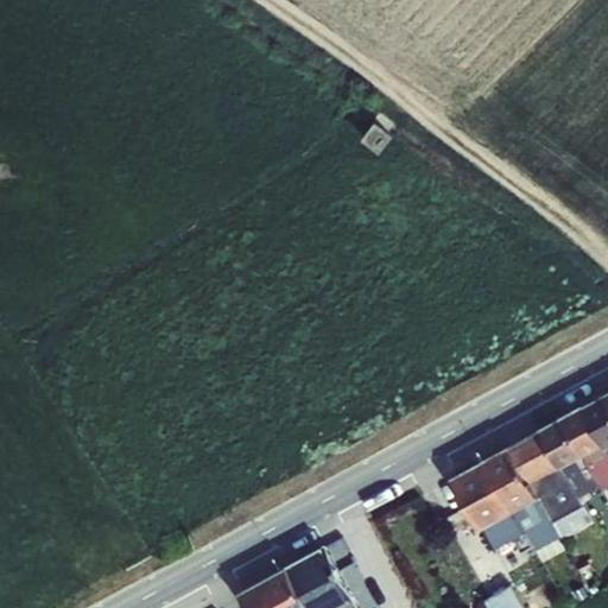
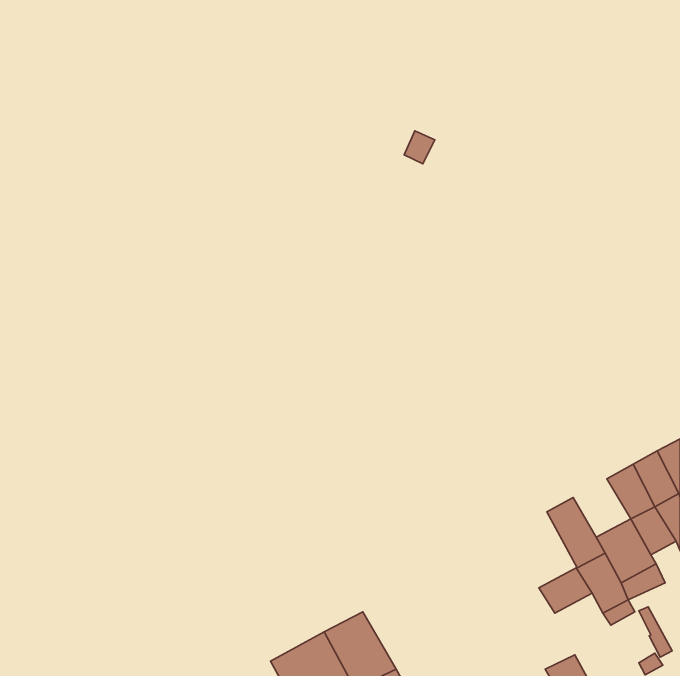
building: [511,431,562,483] -> none
building: [452,461,514,528] -> none

